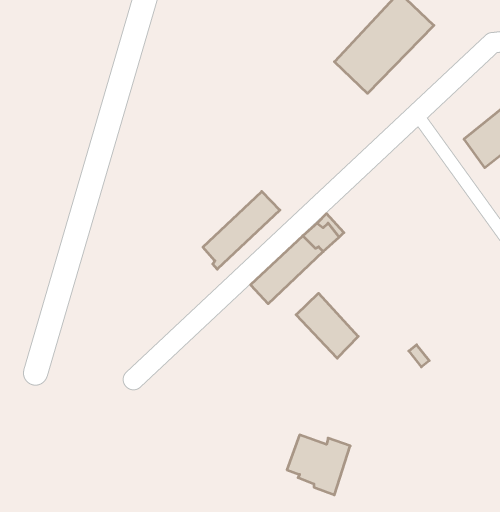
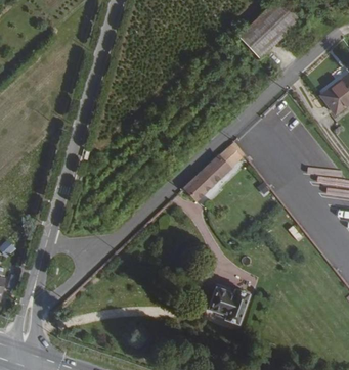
building: [203,191,280,269] -> none
building: [296,293,358,358] -> none

